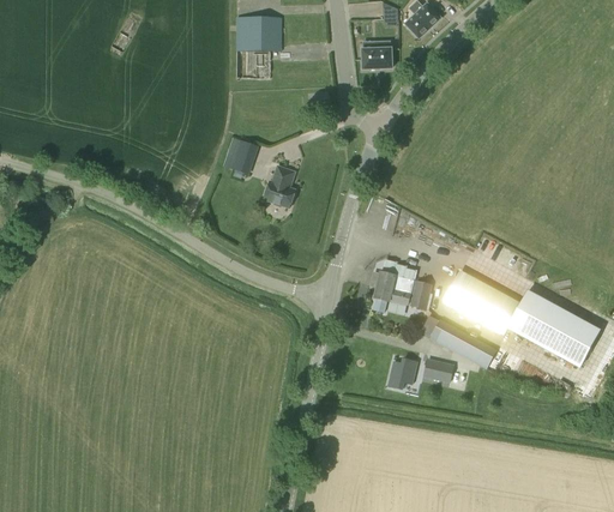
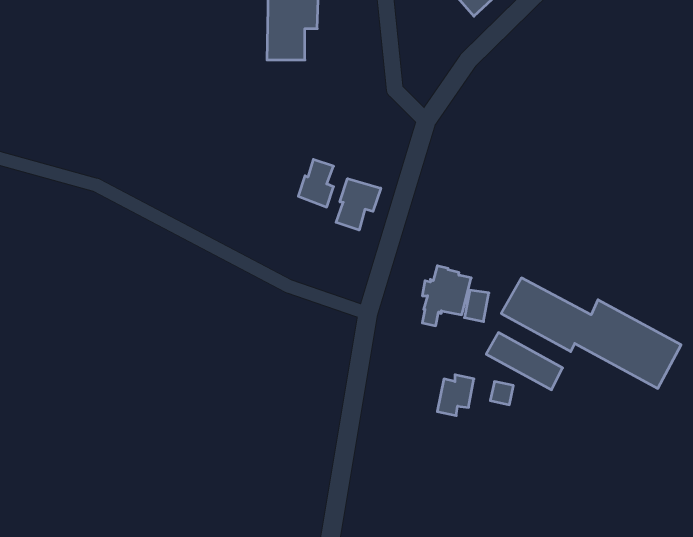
building: [360,40,392,70] -> none
building: [228,139,254,173] -> none
building: none -> [336,179,381,230]

